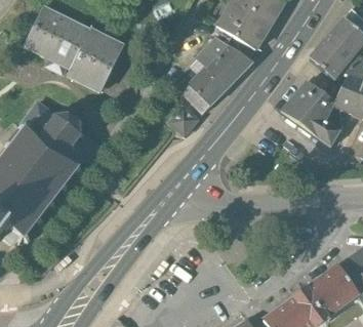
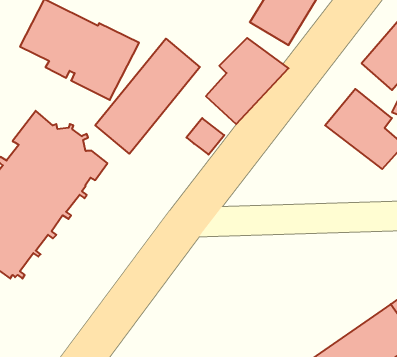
building: none -> [95,39,200,154]

